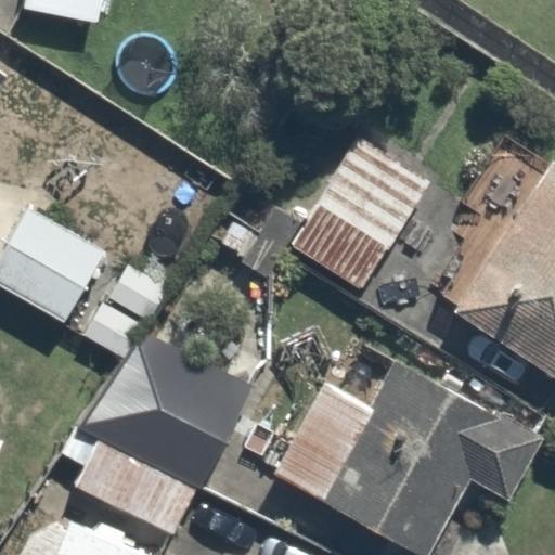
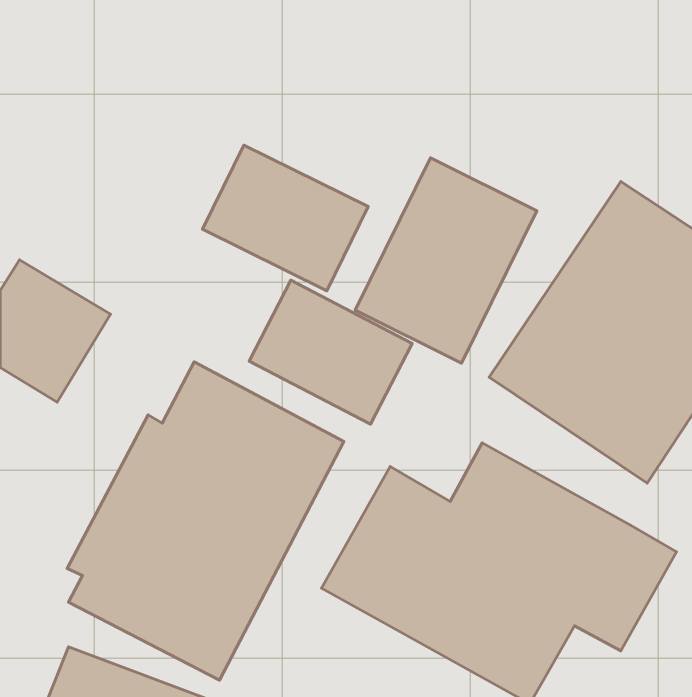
building: none -> [203,145,368,291]
building: none -> [249,280,412,424]

